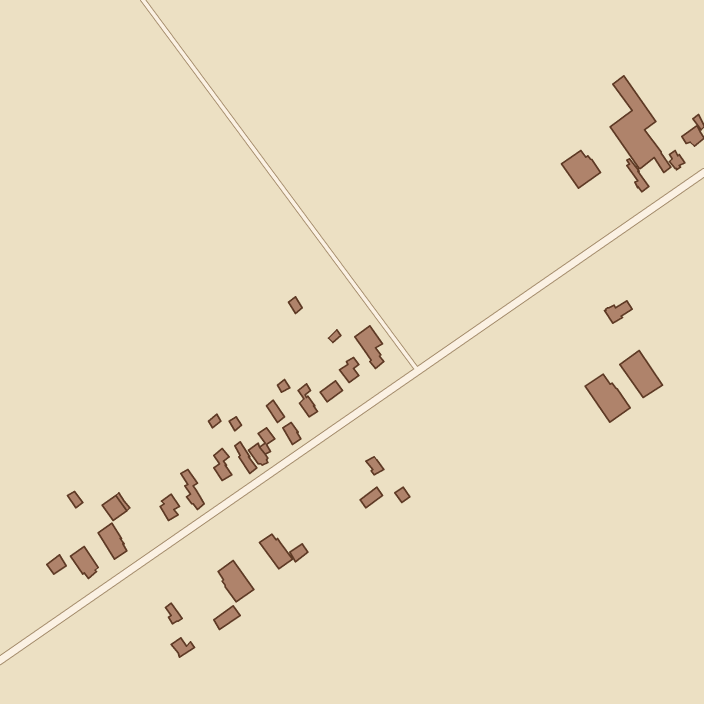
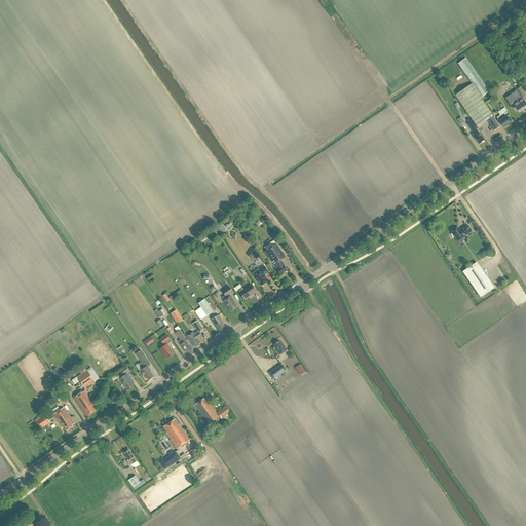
building: [561,151,601,188] -> none
building: [585,374,630,422] -> none

